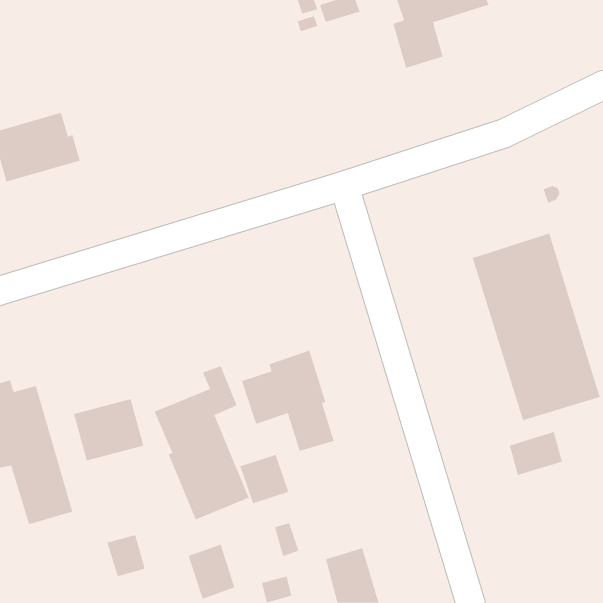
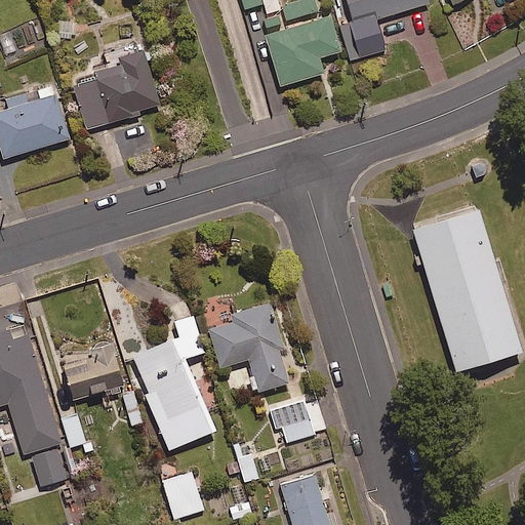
building: none -> [257,12,334,86]
building: none -> [75,40,160,128]
building: [509,431,562,476] -> none
building: [239,454,289,504] -> [272,401,315,444]
building: [106,534,145,577] -> [33,449,67,486]

